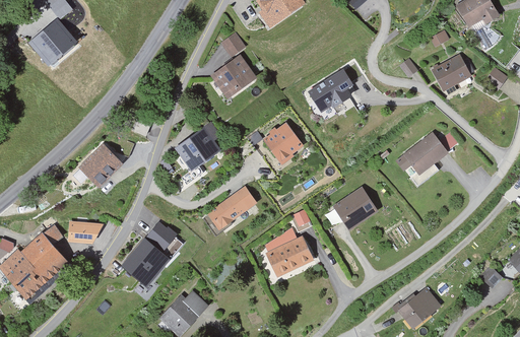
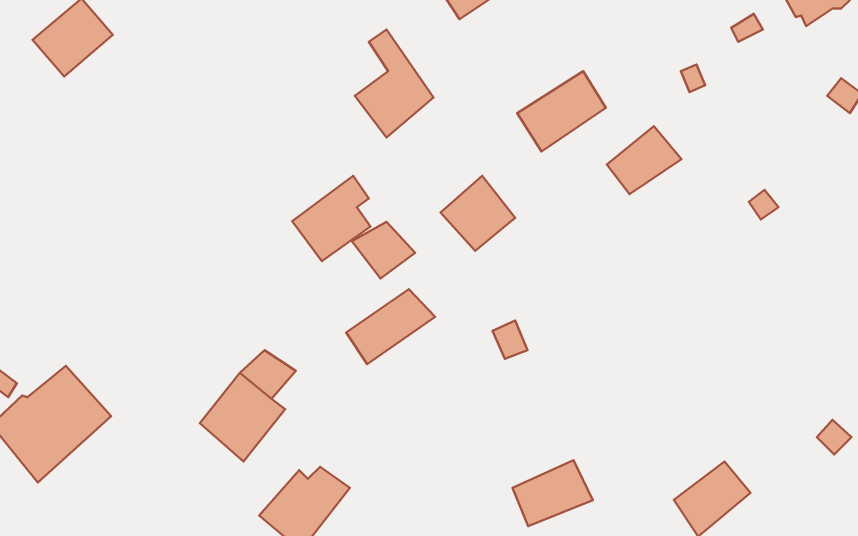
building: [431,55,471,90] -> none
building: [404,133,448,173] -> [607,126,682,194]
building: [76,143,124,187] -> none
building: none -> [352,222,415,279]
building: [331,187,380,231] -> none
building: [64,217,100,243] -> none
building: [266,237,313,275] -> [513,460,593,526]

